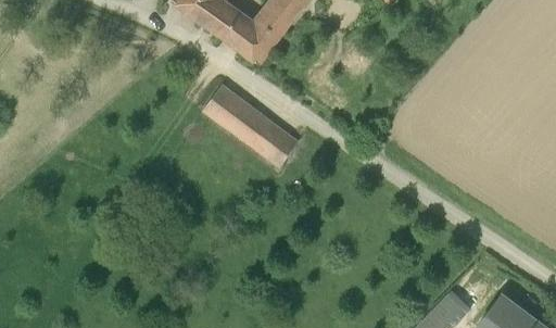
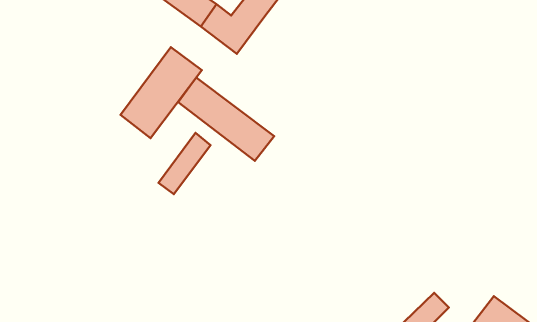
building: none -> [121,47,202,138]
building: none -> [159,133,211,194]

